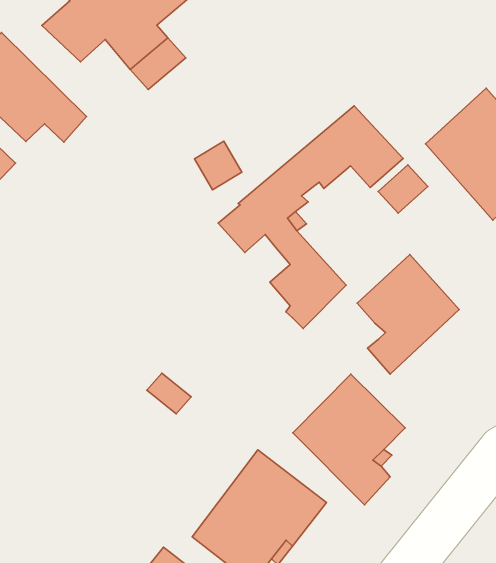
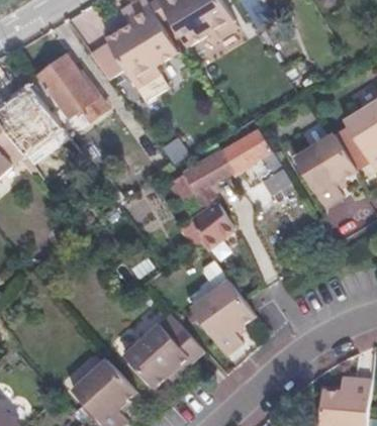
building: [357,255,459,374] -> none

